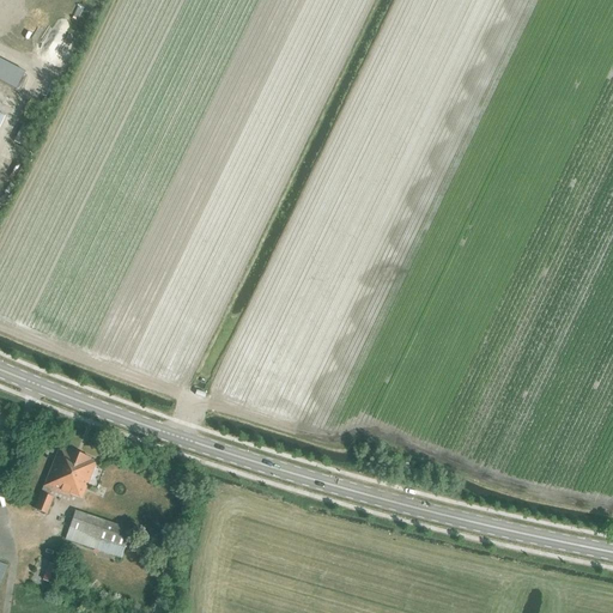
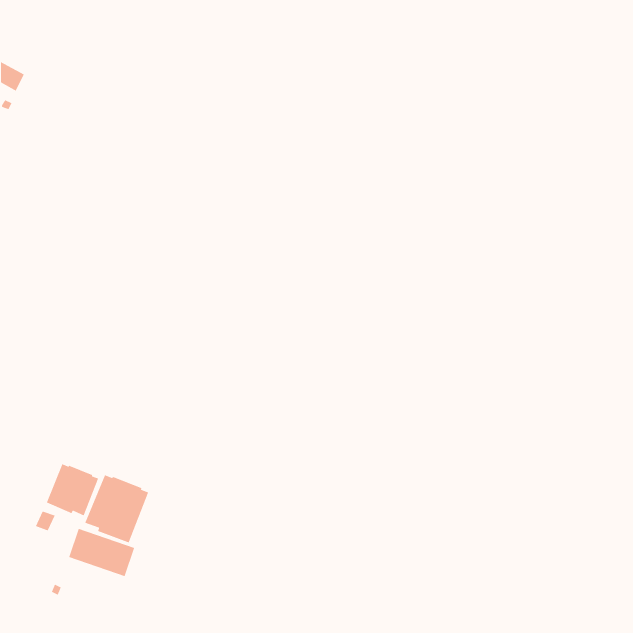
building: none -> [84,474,149,543]

